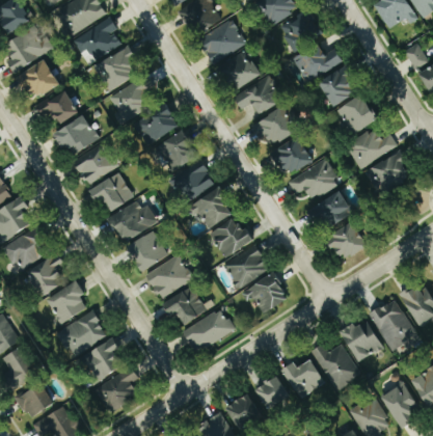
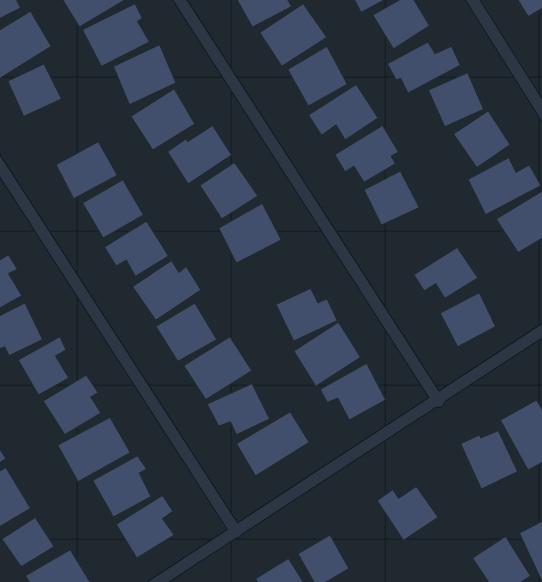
building: [35,90,78,125] -> none
building: [288,159,340,200] -> none
building: [187,189,233,227] -> none
building: [312,344,360,390] -> none
building: [254,377,289,411] -> none

